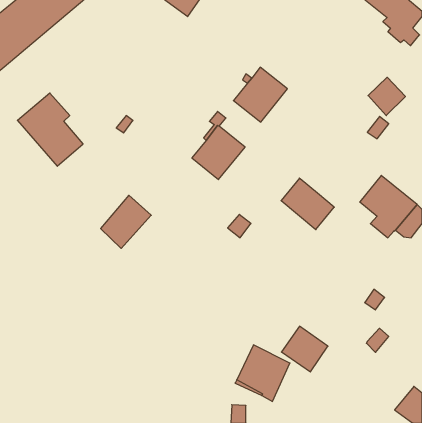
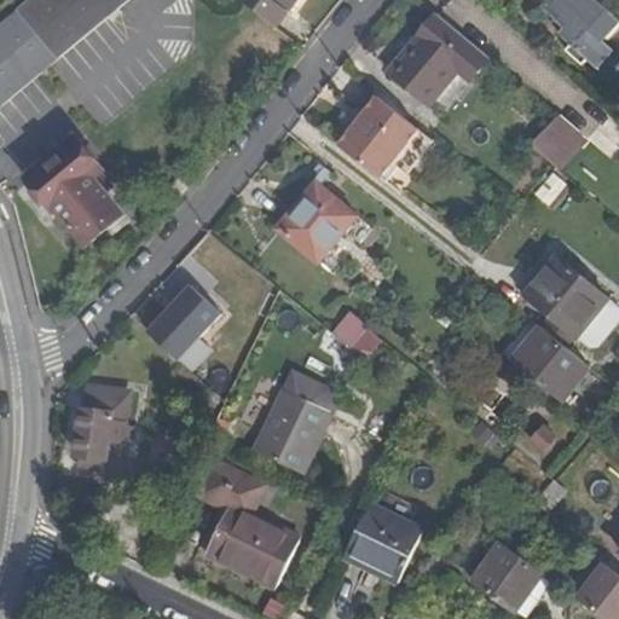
building: none -> [389,12,488,91]
building: [281,178,334,230] -> [511,324,589,399]
building: none -> [255,376,330,470]
building: none -> [71,384,128,469]
building: none -> [201,463,297,582]
building: [281,326,328,372] -> [472,543,539,609]

